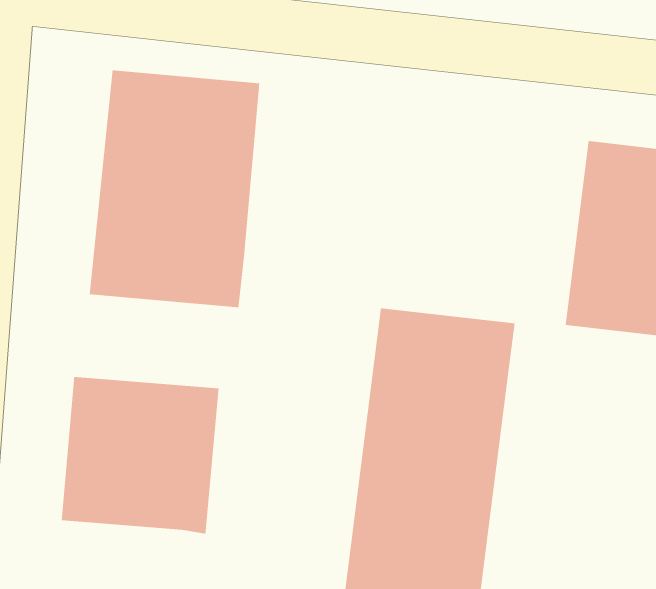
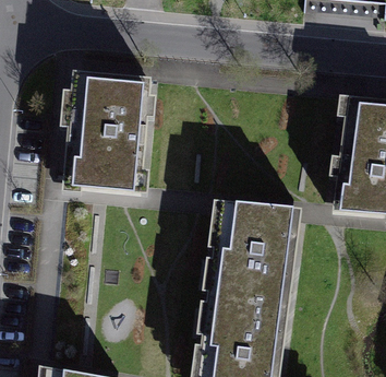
building: [61,376,219,535] -> none

